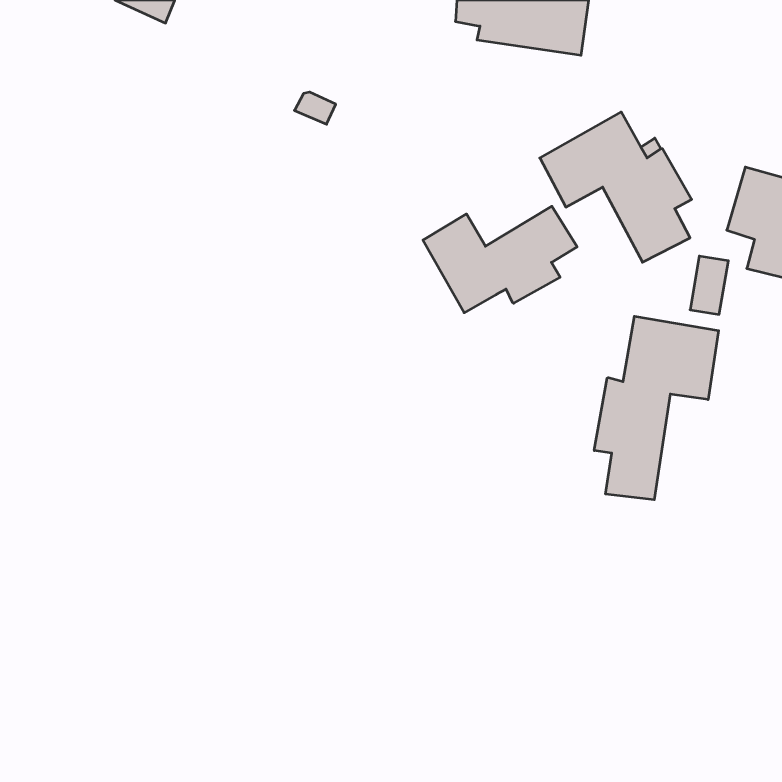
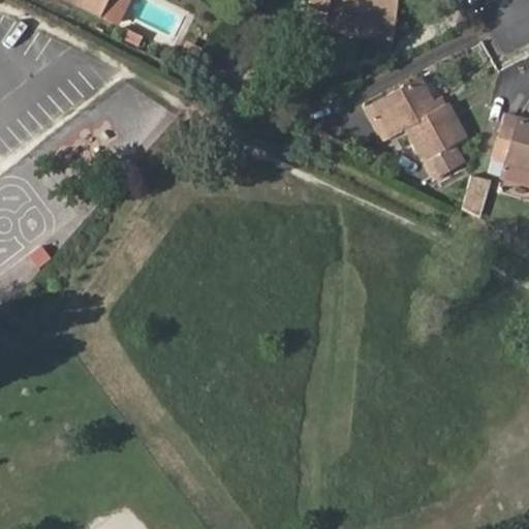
building: [423,206,577,313] -> none
building: [594,316,719,500] -> none

